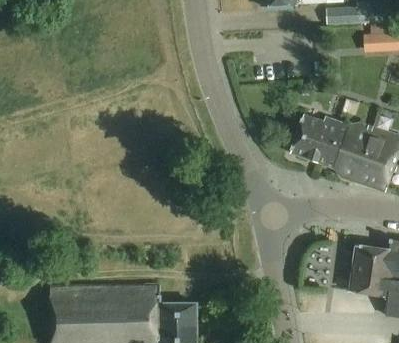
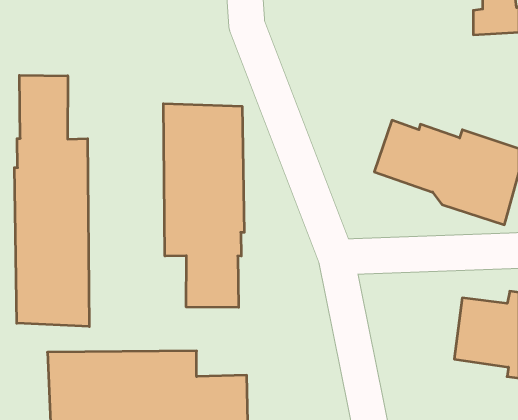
building: none -> [14,75,89,327]
building: none -> [163,104,244,307]

